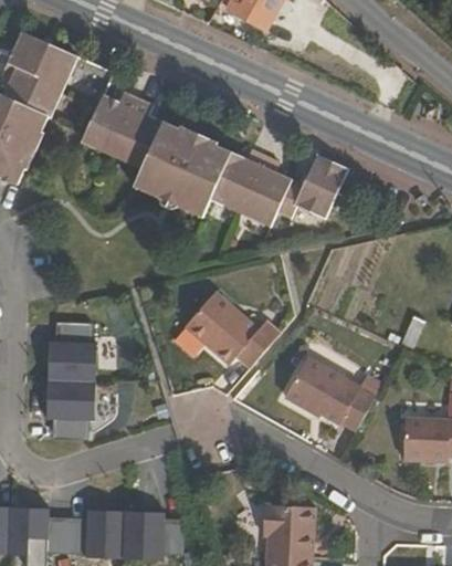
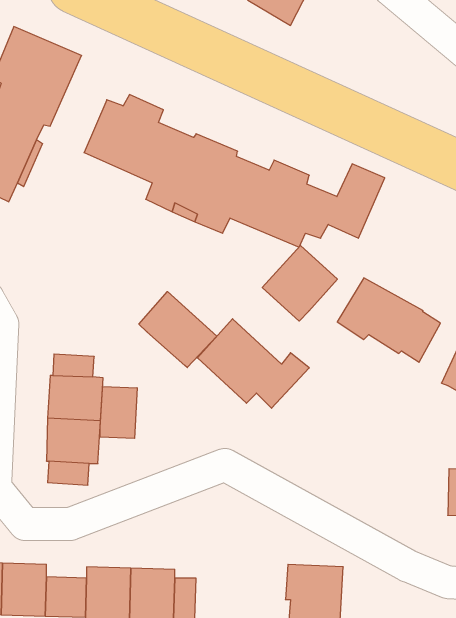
building: none -> [262,246,337,321]
building: none -> [139,292,217,368]
building: none -> [100,387,137,438]
building: [283,358,374,432] -> [337,278,440,362]

